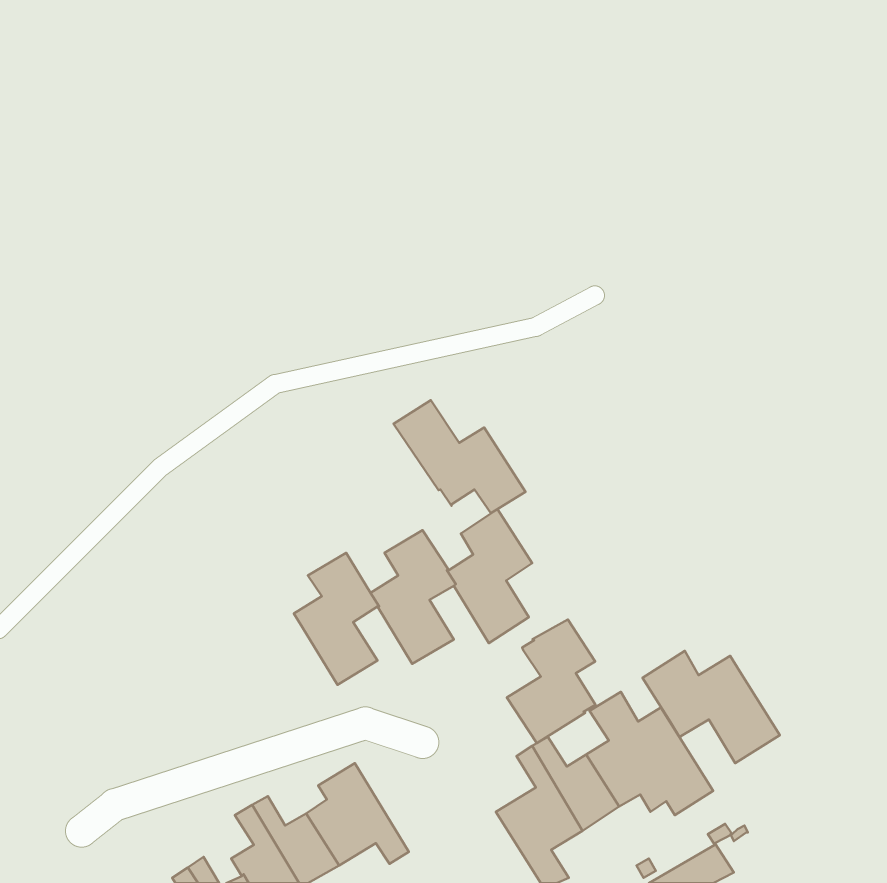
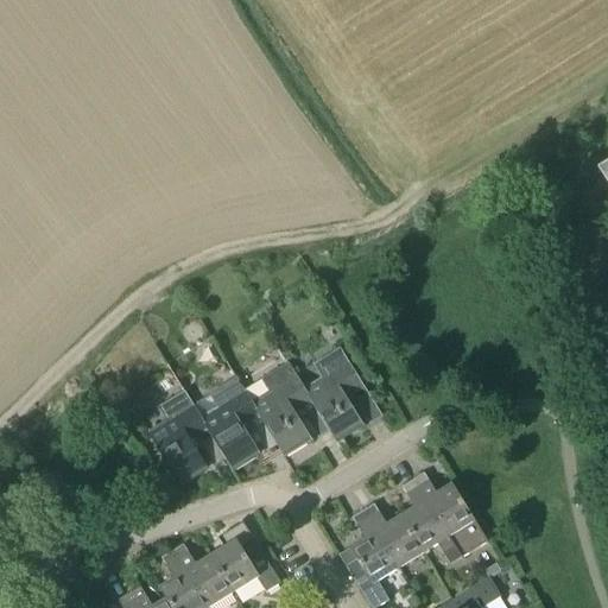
building: [393,400,526,513] -> none
building: none -> [148,392,207,482]
building: [507,619,596,743] -> none
building: [643,651,780,763] -> none

